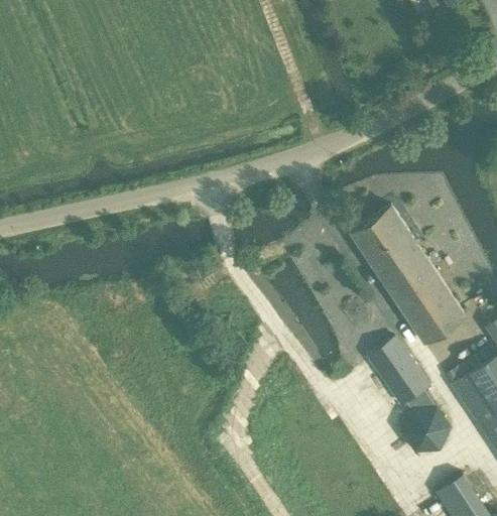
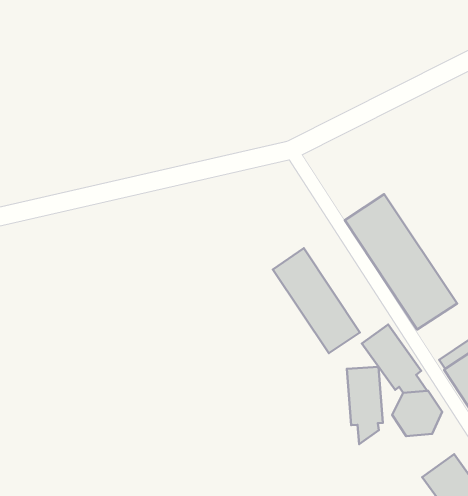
building: none -> [273,248,360,353]
building: none -> [347,367,383,444]

